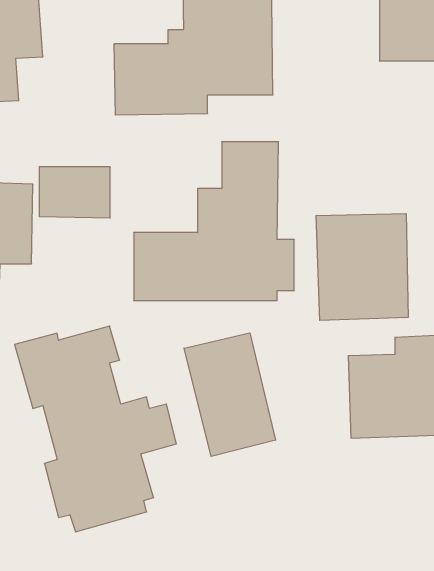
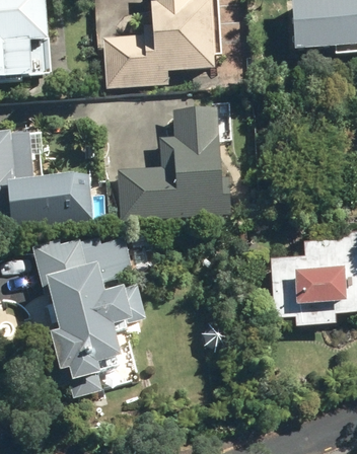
building: [39,167,110,218] -> [57,180,108,217]
building: [316,214,408,320] -> none
building: [184,333,275,456] -> none

